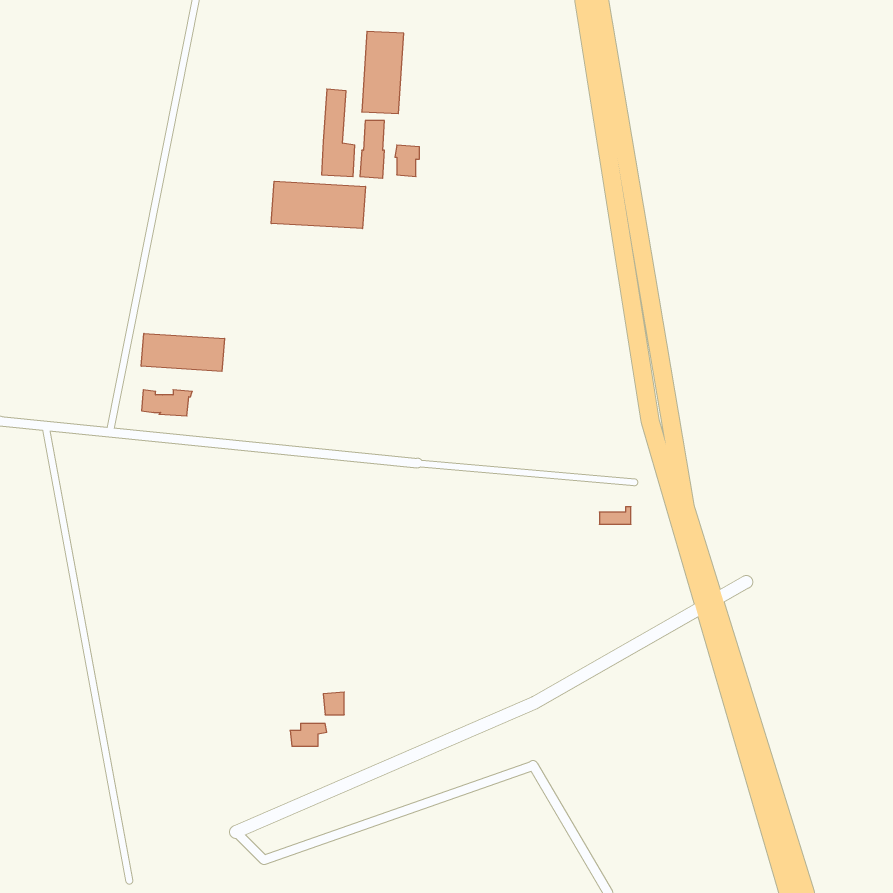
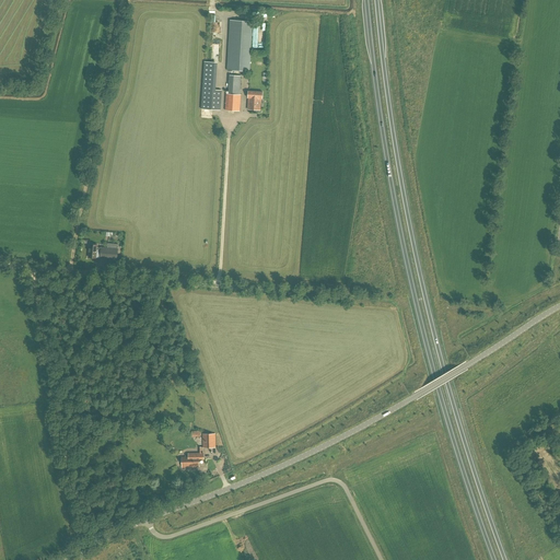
building: [271,181,365,229] -> none
building: [141,333,225,371] -> none

